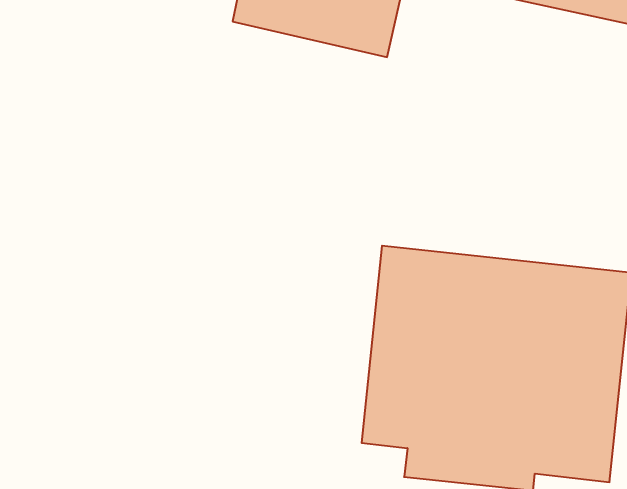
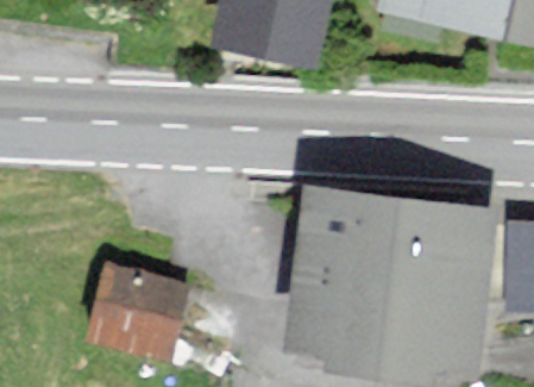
building: none -> [92,267,182,354]

